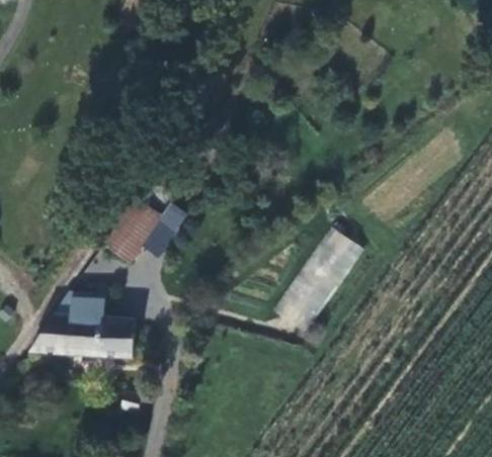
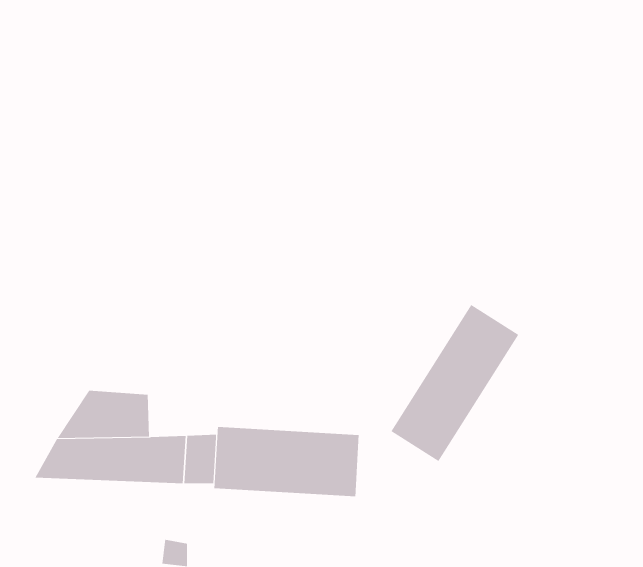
building: [100,199,160,264] -> none
building: none -> [214,426,359,497]

